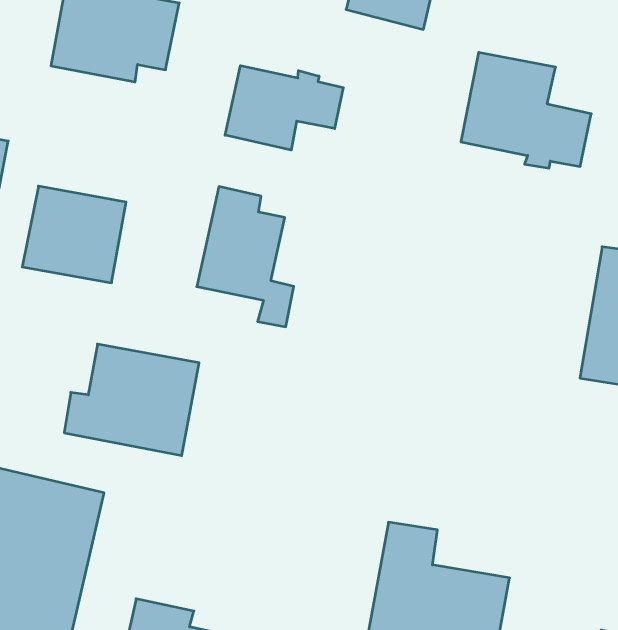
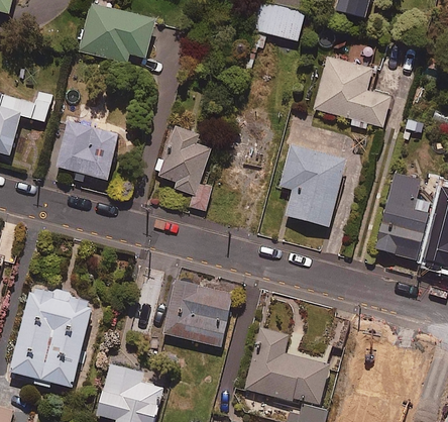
building: [225,66,343,150] -> none
building: none -> [279,144,346,226]
building: [64,344,199,456] -> [153,280,234,347]

